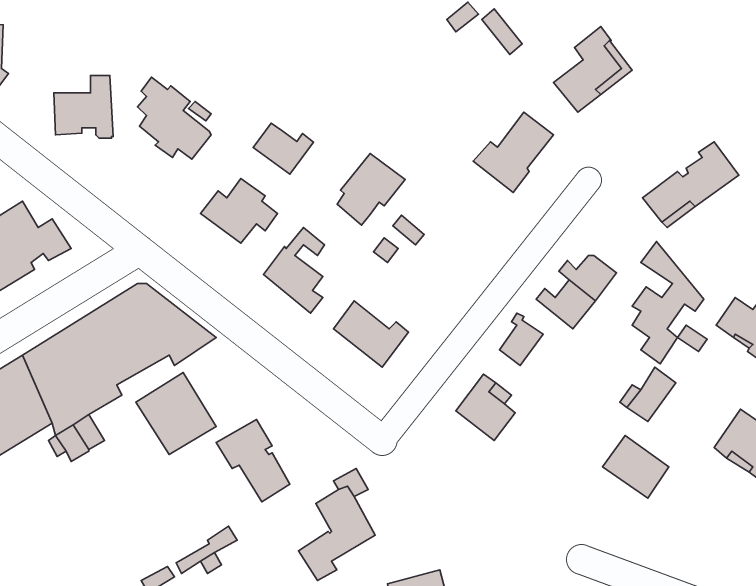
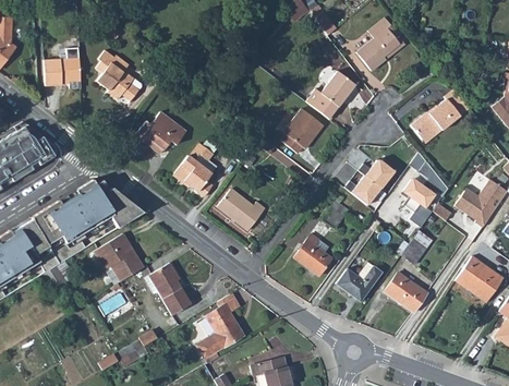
building: [253,123,313,174] -> none
building: [337,153,405,225] -> [281,109,324,154]
building: none -> [337,262,381,301]

